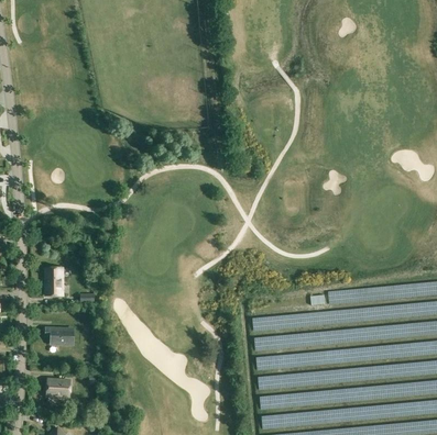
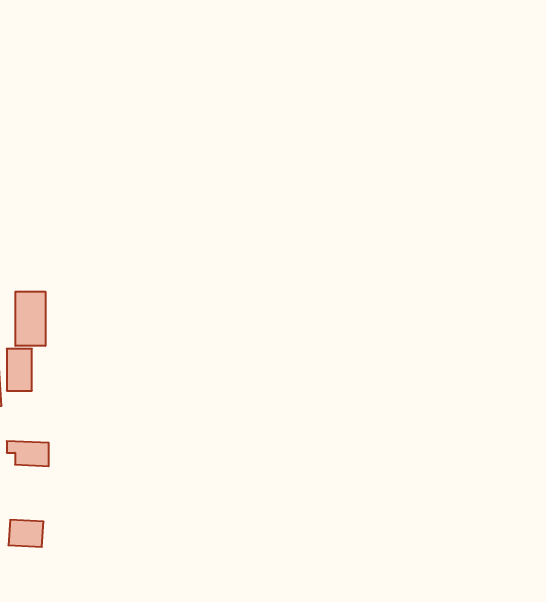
building: none -> [15,292,45,346]

